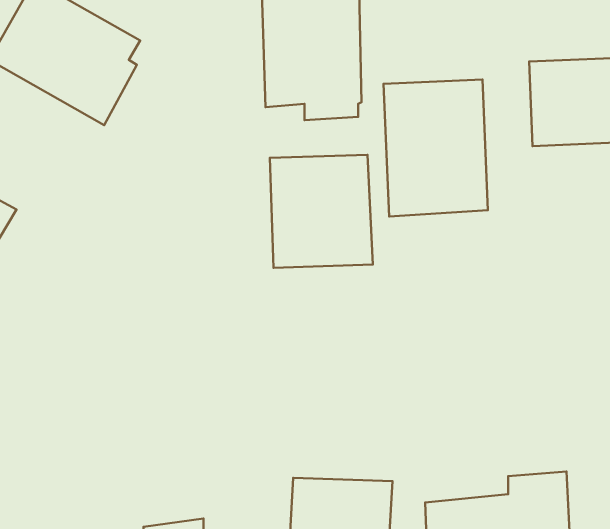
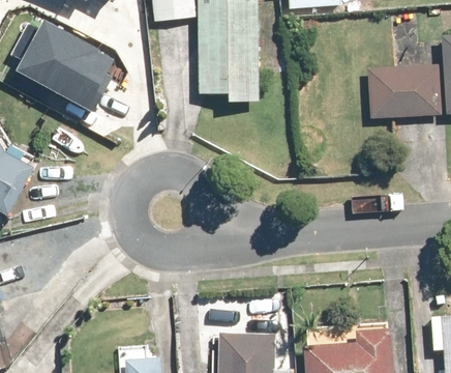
building: [383,79,488,216] -> none
building: [270,155,373,268] -> none

